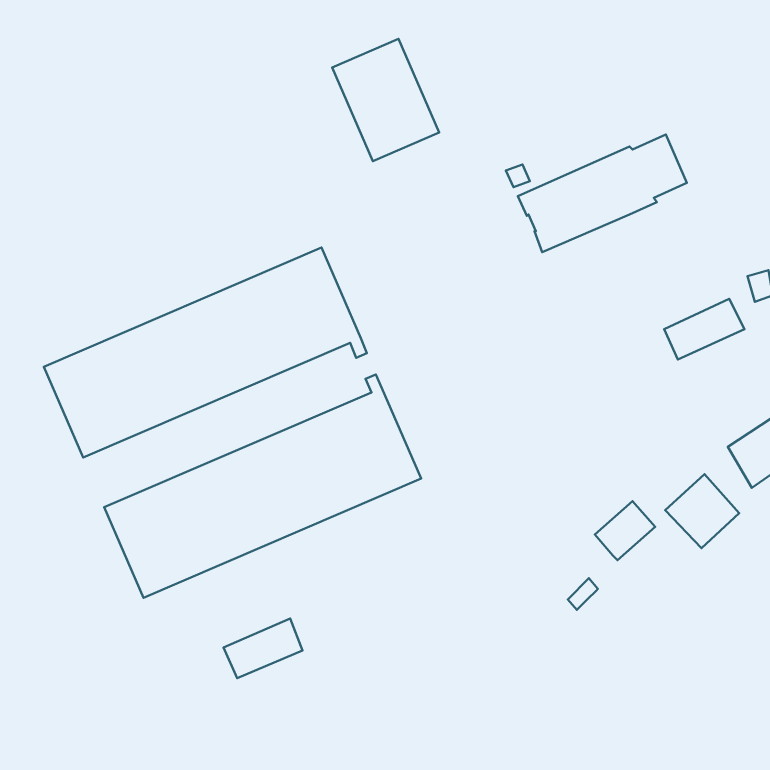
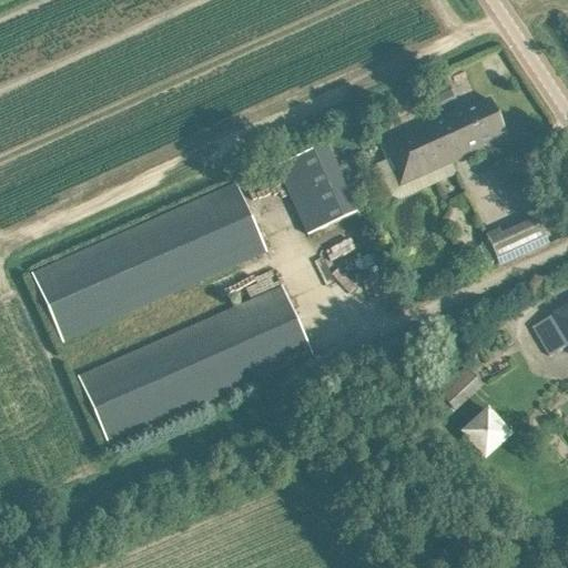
building: [332,39,439,161] -> [278,143,357,233]
building: [665,474,739,548] -> [459,404,514,458]
building: [224,619,303,678] -> none

